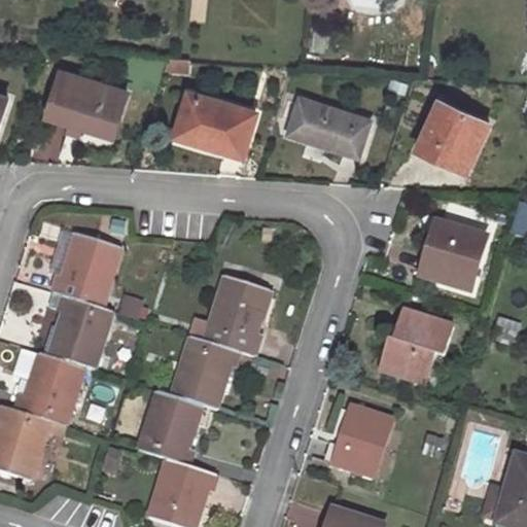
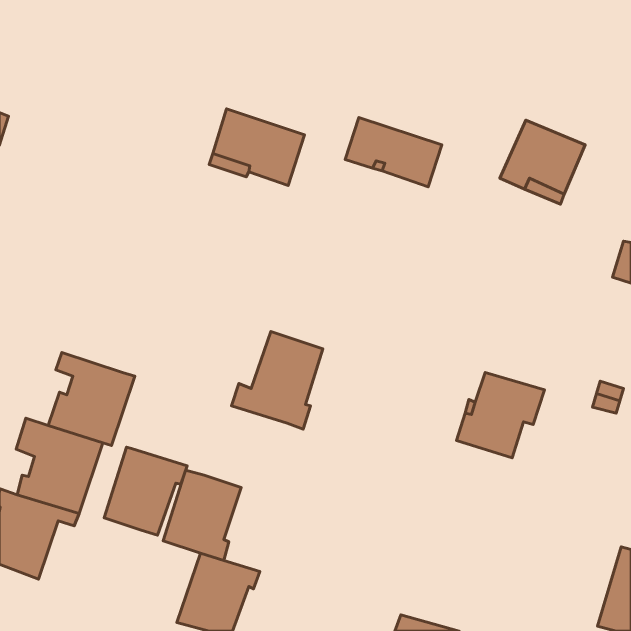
building: [47,70,126,132] -> none
building: [424,222,486,291] -> none
building: [51,235,120,310] -> none
building: [170,337,239,410] -> [104,447,187,535]
building: [329,407,391,475] -> none

